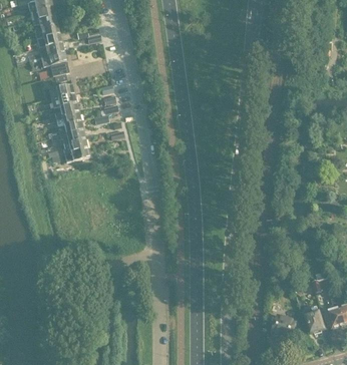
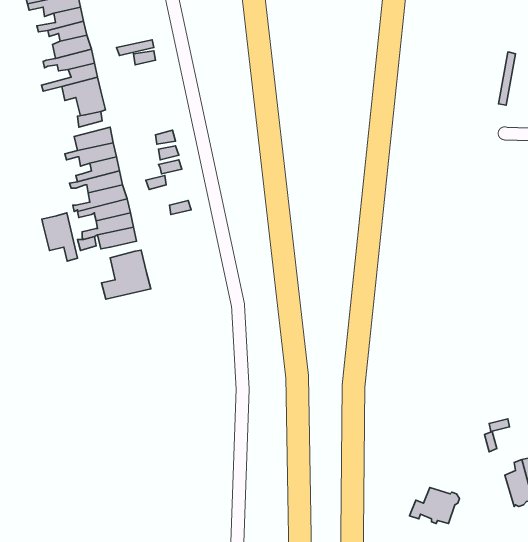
building: none -> [42,213,78,261]
building: none -> [101,250,151,299]
building: [302,305,325,334] -> none

